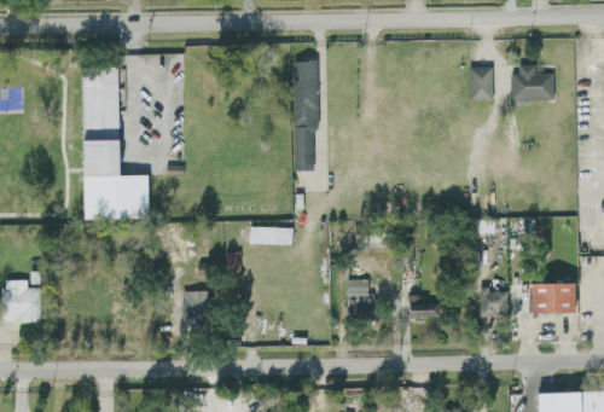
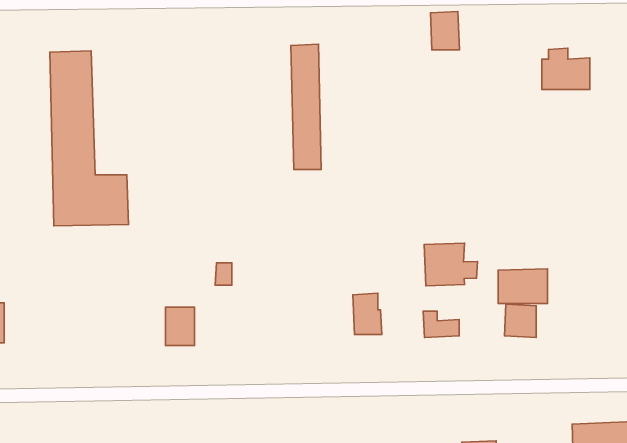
building: [469,65,494,99] -> [430,11,459,50]
building: [250,225,292,243] -> none
building: none -> [424,243,478,286]
building: [532,282,575,312] -> [498,269,548,303]

